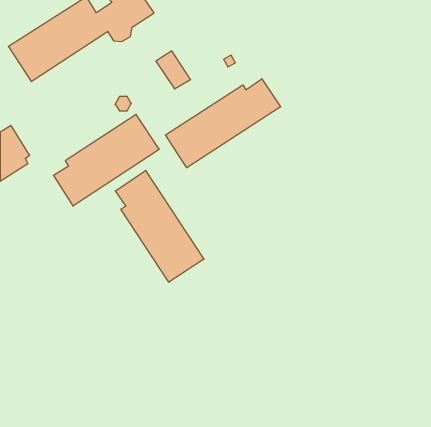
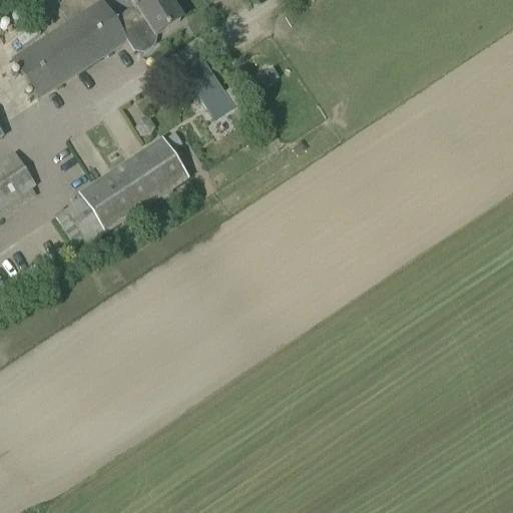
building: [166,79,281,168] -> none
building: [115,170,204,282] -> none

